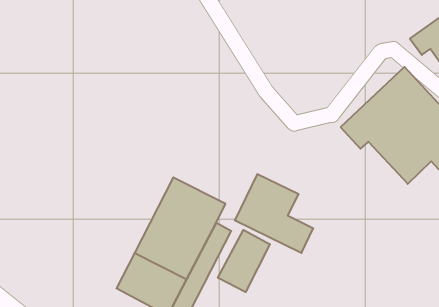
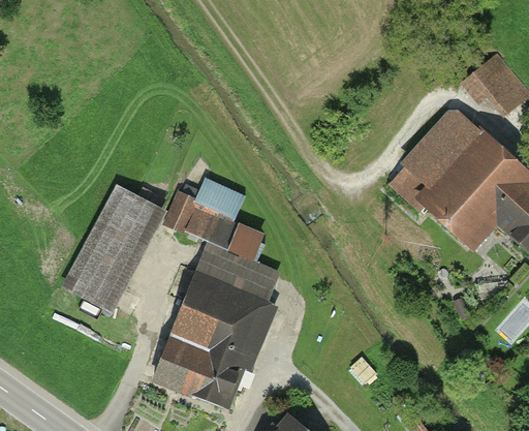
building: none -> [69,192,172,319]
building: [235,174,313,253] -> [175,173,262,257]
building: [218,230,270,292] -> none

